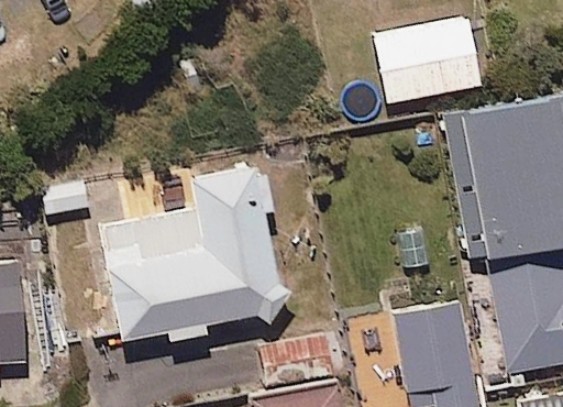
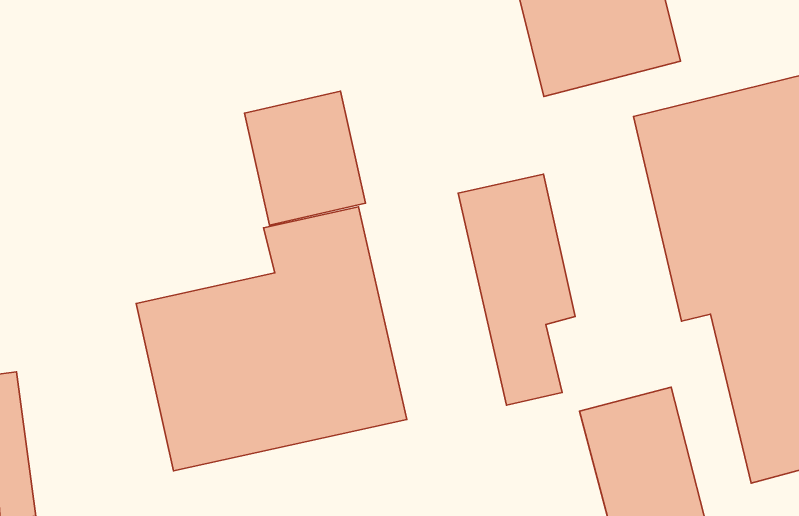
building: none -> [245,91,365,225]
building: none -> [458,174,575,405]

